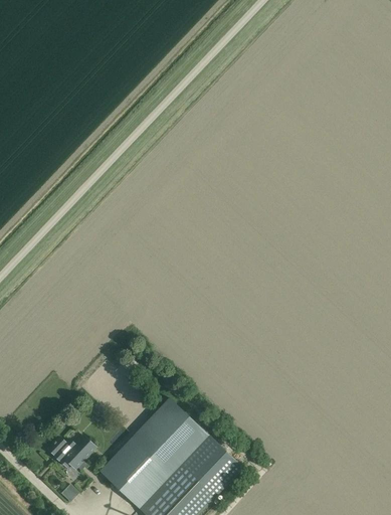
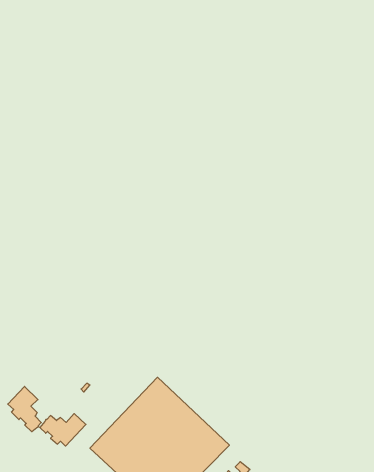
building: none -> [8,386,41,432]

